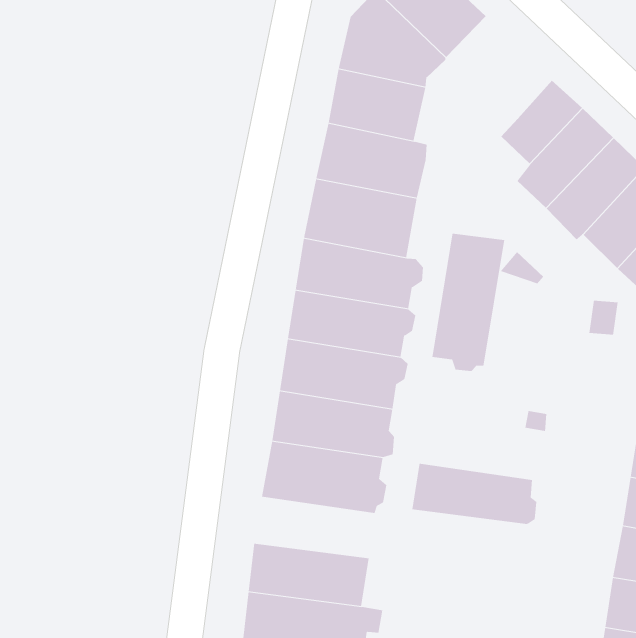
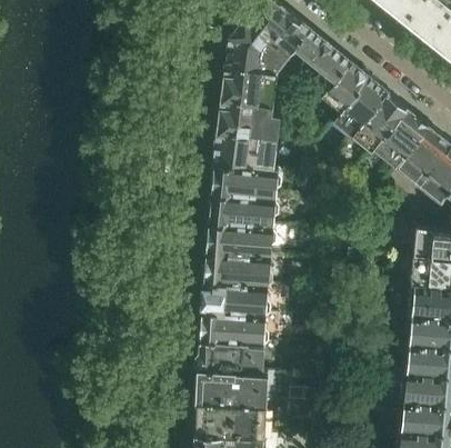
building: none -> [285,30,347,87]
building: [432,233,505,372] -> none
building: [411,463,537,524] -> [198,313,269,344]

